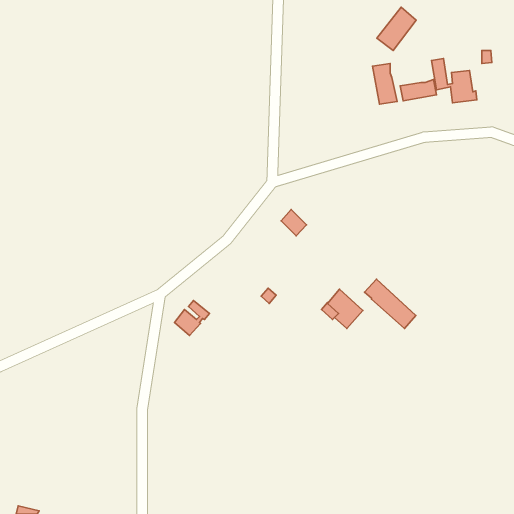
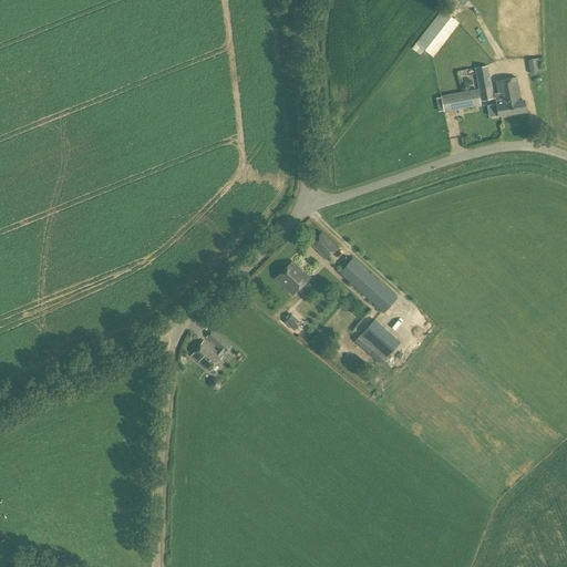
building: [373,63,397,104] -> none
building: none -> [275,260,308,293]
building: [364,279,416,329] -> [339,257,395,311]

